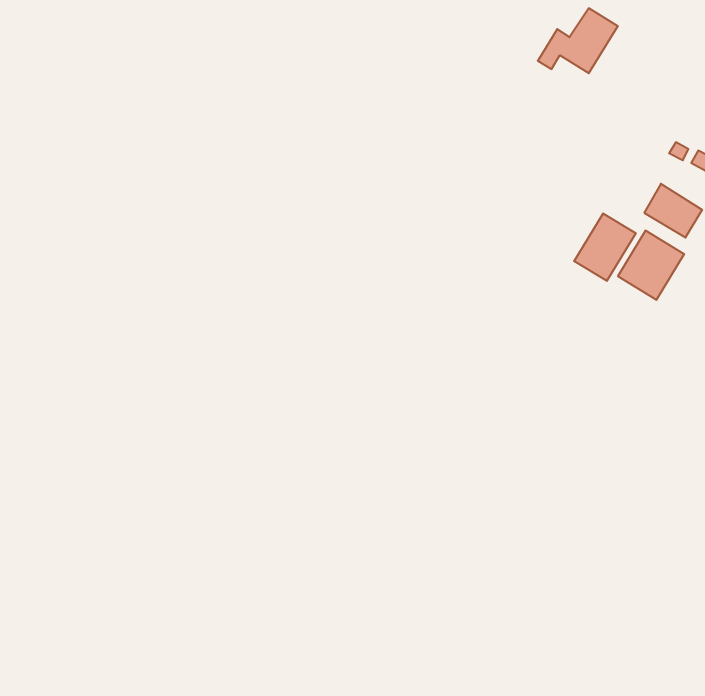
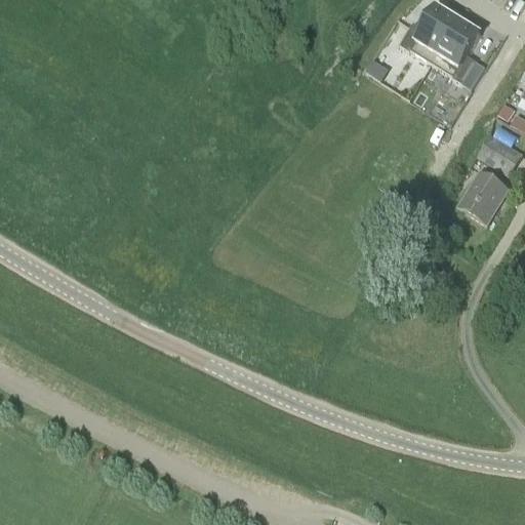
building: none -> [438,19,481,83]
building: [574,213,636,281] -> none

